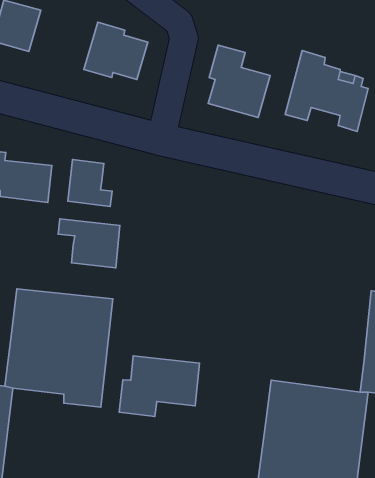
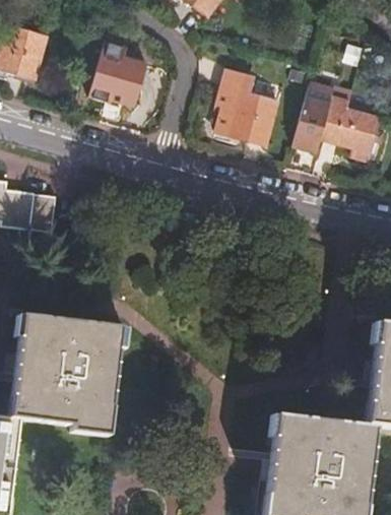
building: [68,159,112,206] -> none
building: [58,219,120,268] -> none
building: [119,356,200,417] -> none

